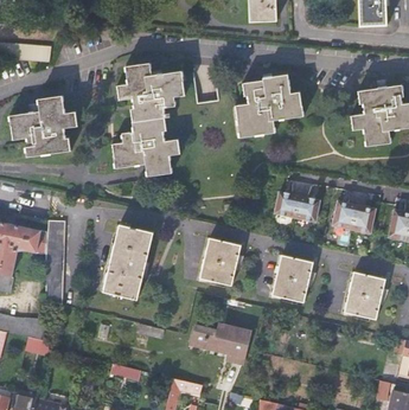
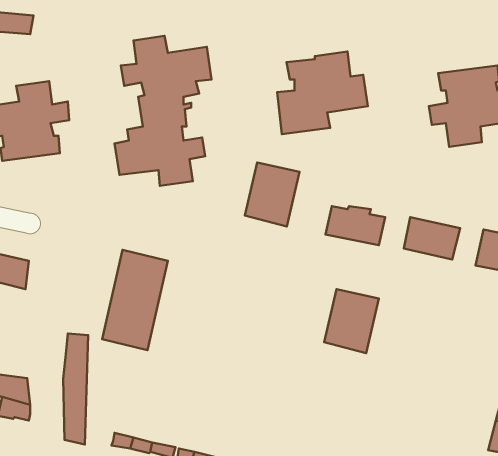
building: [45,220,64,305] -> [63,334,88,445]
building: [199,238,241,287] -> [245,162,299,227]
building: [344,271,385,320] -> none
building: [191,323,249,363] -> none

